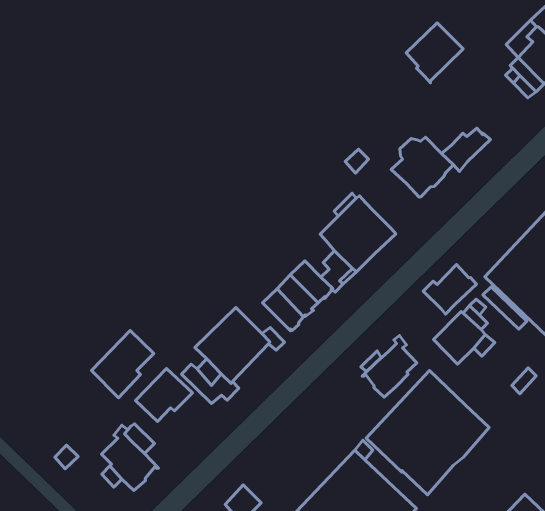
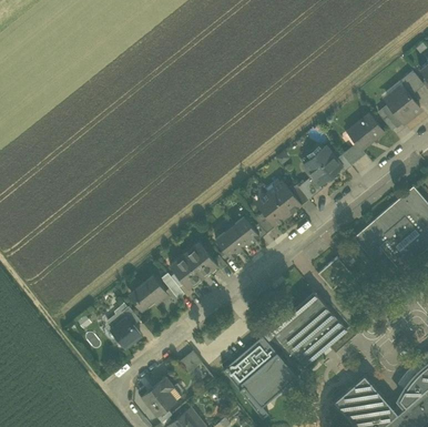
building: [406,23,463,83] -> [348,113,384,150]
building: [423,265,477,314] -> [289,175,323,205]
building: [91,331,154,398] -> none
building: [362,335,417,397] -> none

